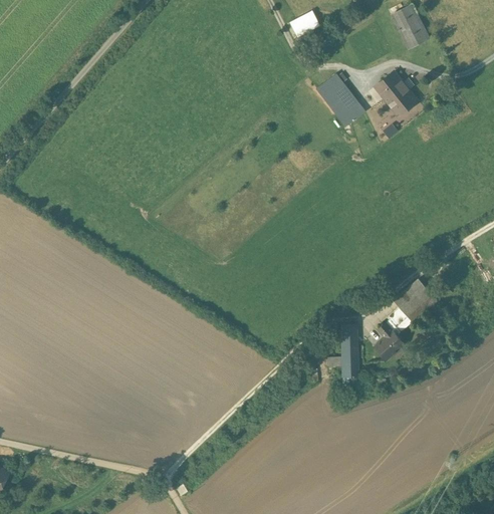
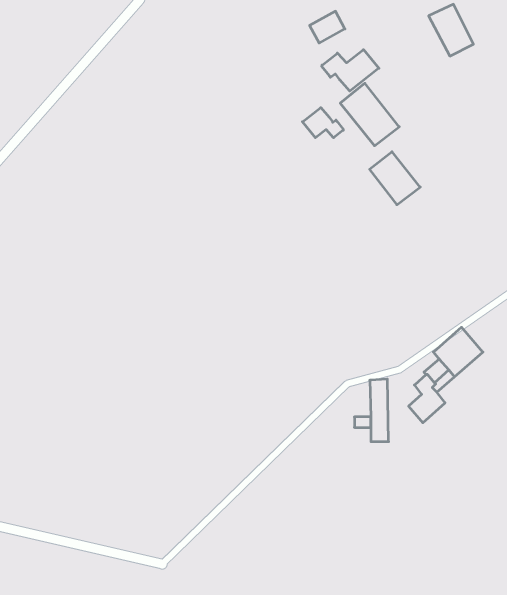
building: none -> [322,50,379,91]
building: [375,71,418,116] -> [370,152,420,205]
building: none -> [302,108,343,138]

